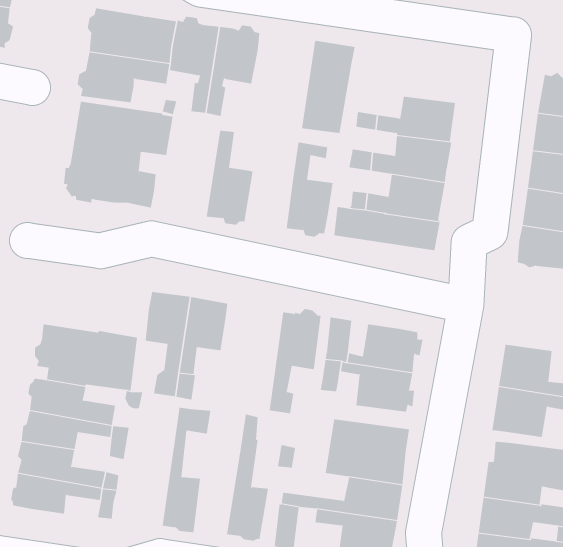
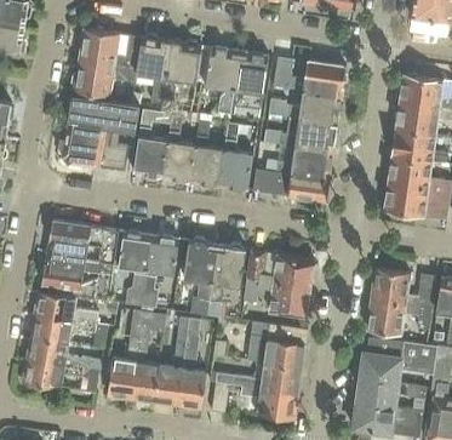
building: none -> [204,47,239,114]
building: none -> [273,57,344,96]
building: none -> [132,107,171,179]
building: none -> [189,119,223,188]
building: none -> [45,221,118,263]
building: none -> [182,238,216,315]
building: none -> [105,310,142,398]
building: none -> [153,316,189,405]

